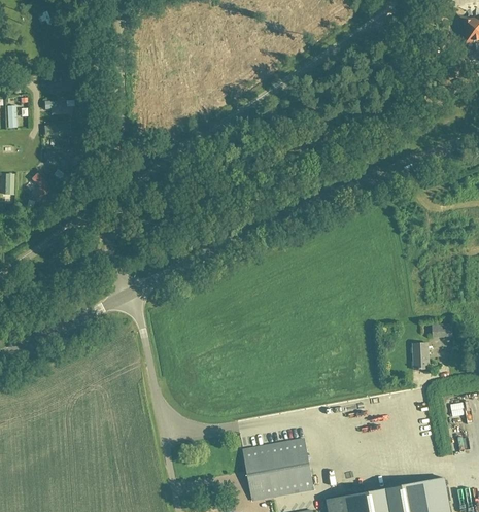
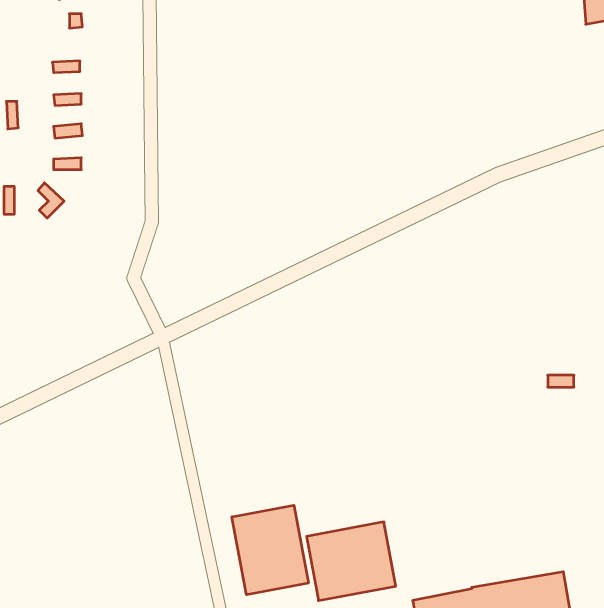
building: [412,339,429,366] -> none
building: none -> [232,505,308,595]

